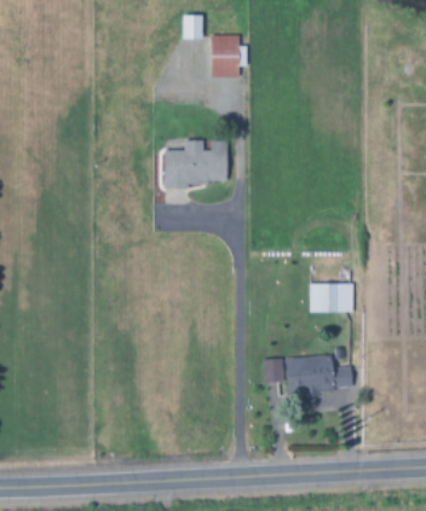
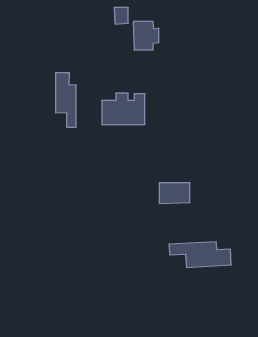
building: none -> [56,72,76,128]
building: [309,283,353,313] -> [159,183,190,203]

